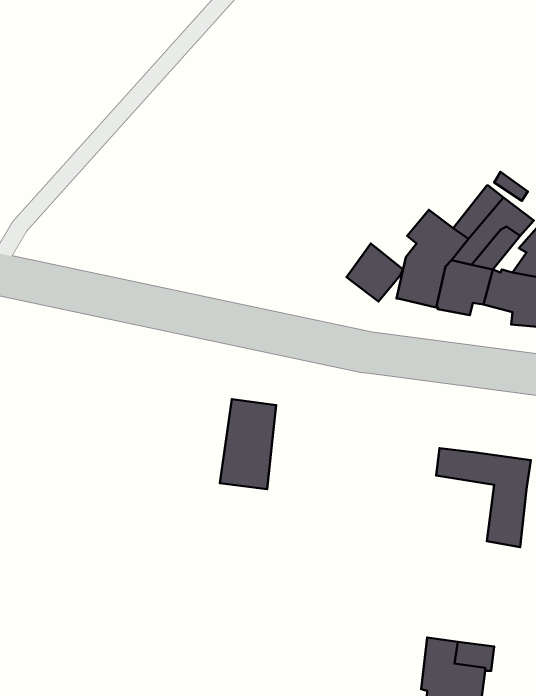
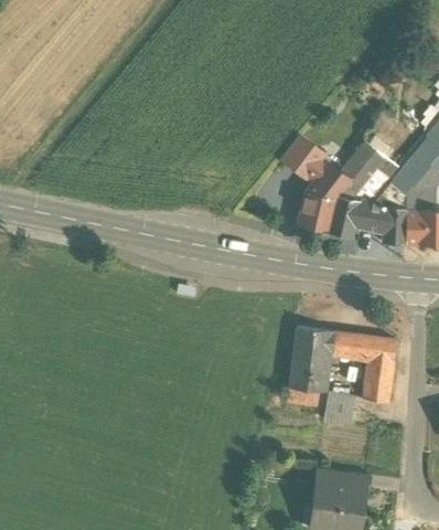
building: [347,244,403,302] -> [282,137,323,179]
building: [220,399,276,489] -> [288,328,329,393]
building: none -> [323,394,355,424]

